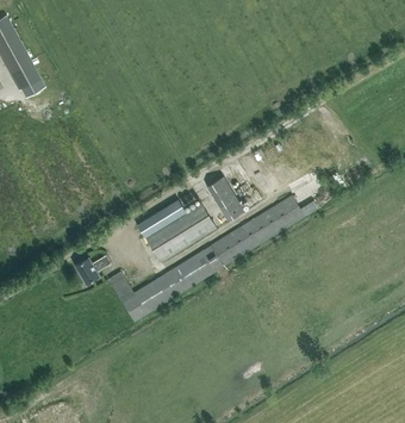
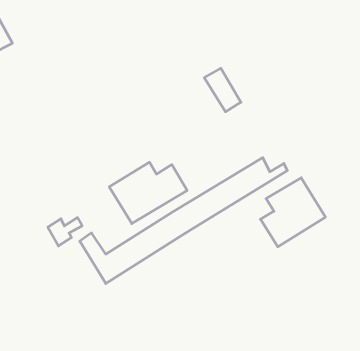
building: [207,175,244,219] -> [204,68,241,112]
building: none -> [260,178,325,247]

